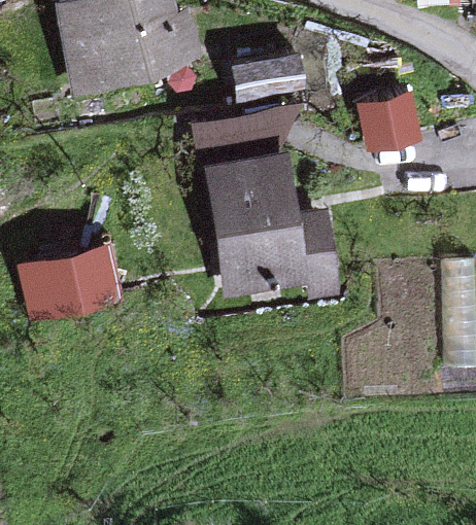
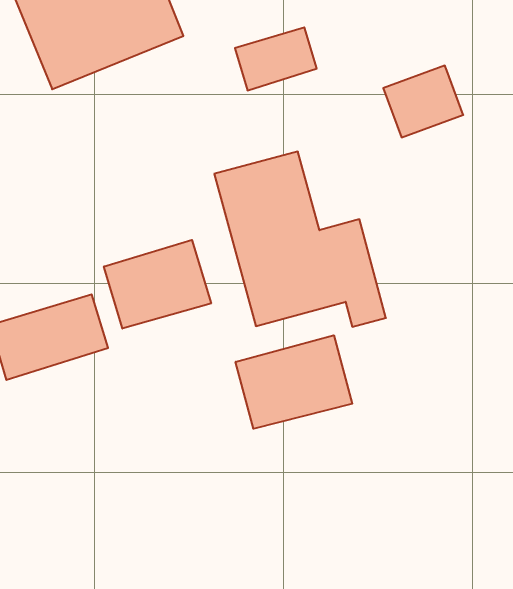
building: none -> [104,240,211,329]
building: none -> [236,335,352,429]

